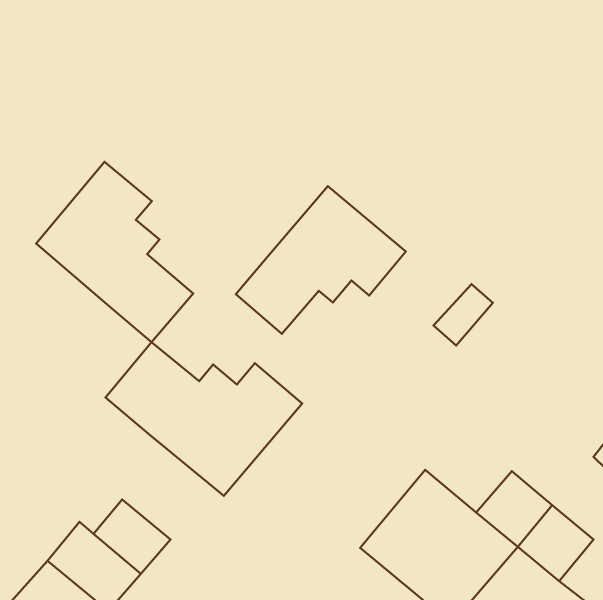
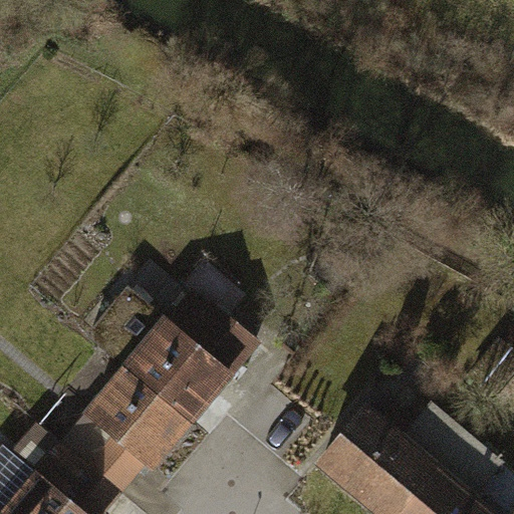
building: [36,162,193,342] -> none
building: [236,186,406,334] -> none
building: none -> [92,373,192,469]

